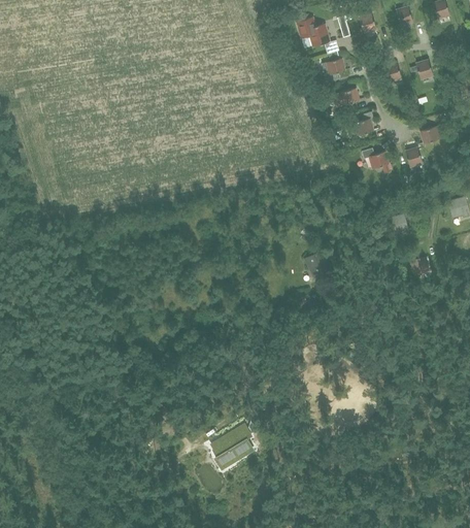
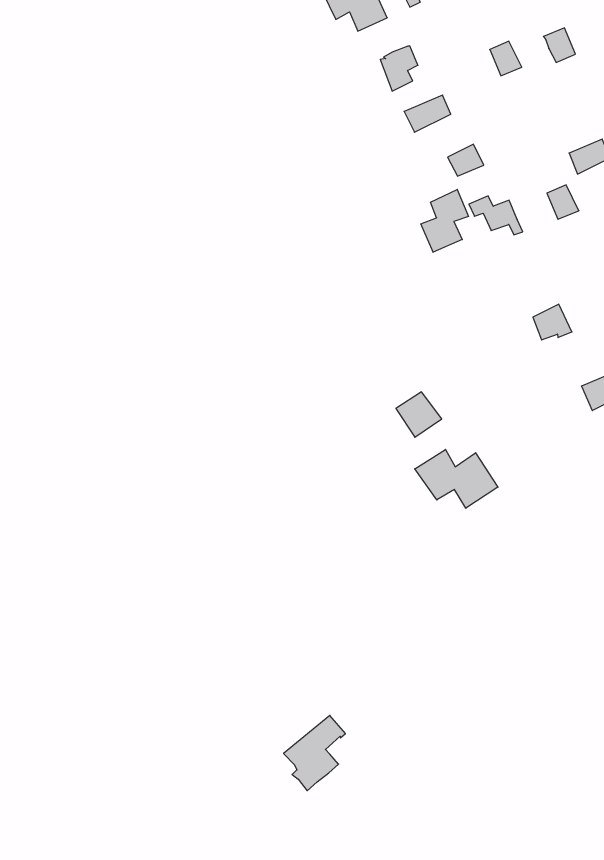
building: none -> [421,189,468,252]
building: none -> [415,449,498,508]

